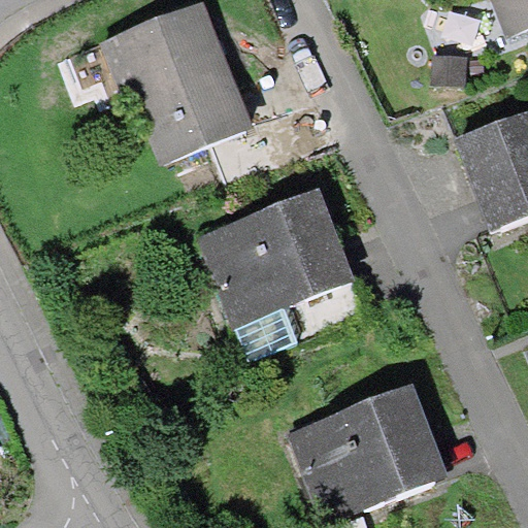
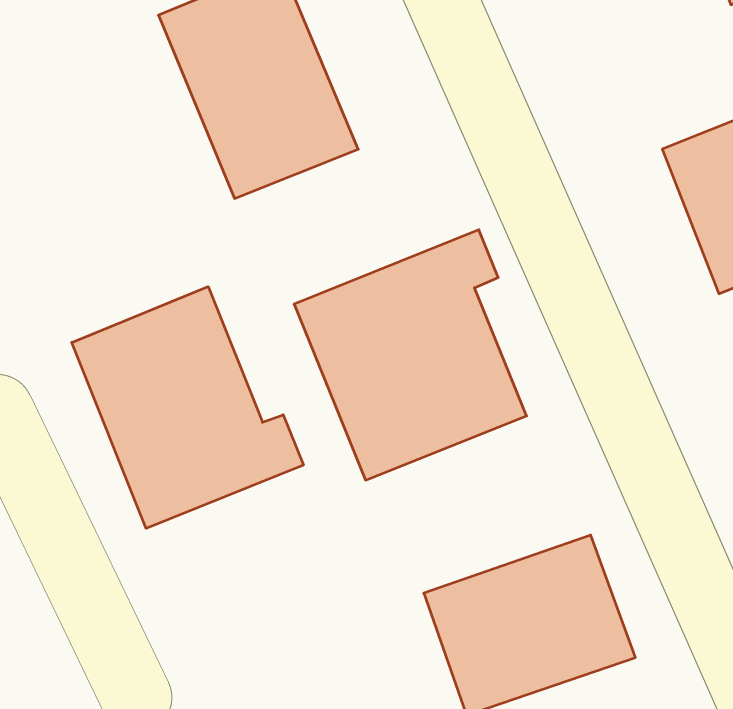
building: none -> [72,287,303,528]

